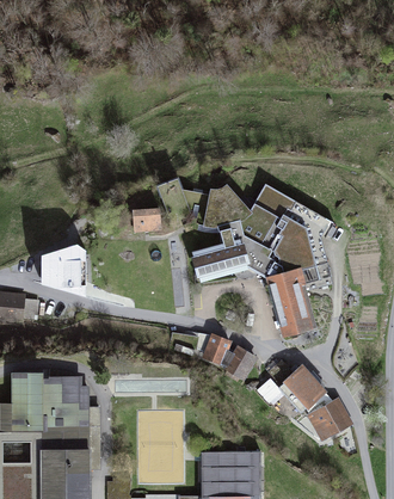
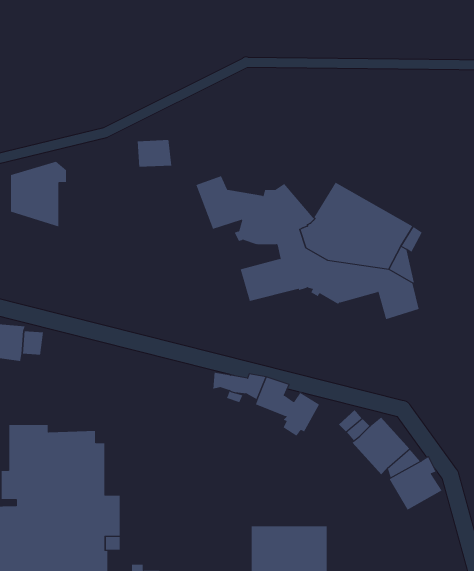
building: [133,209,160,230] -> [137,140,172,167]
building: [41,244,85,295] -> [10,161,67,227]
building: [265,270,314,334] -> none

